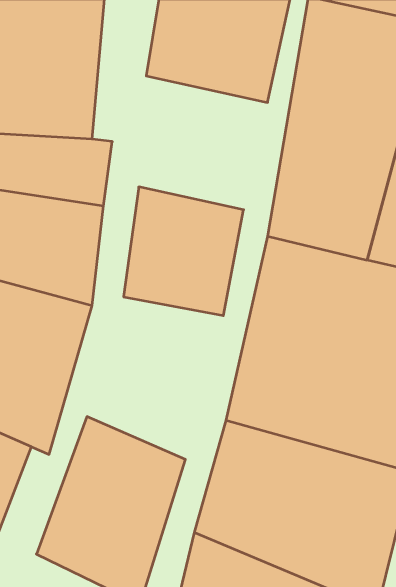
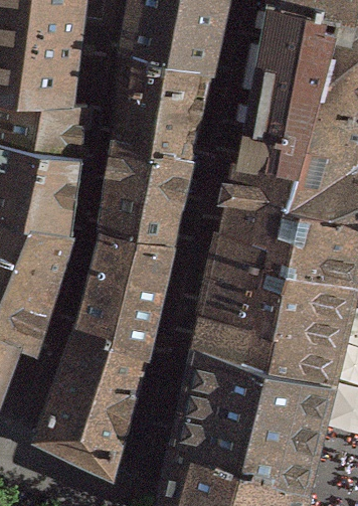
building: none -> [117,61,219,168]
building: none -> [75,237,184,367]

